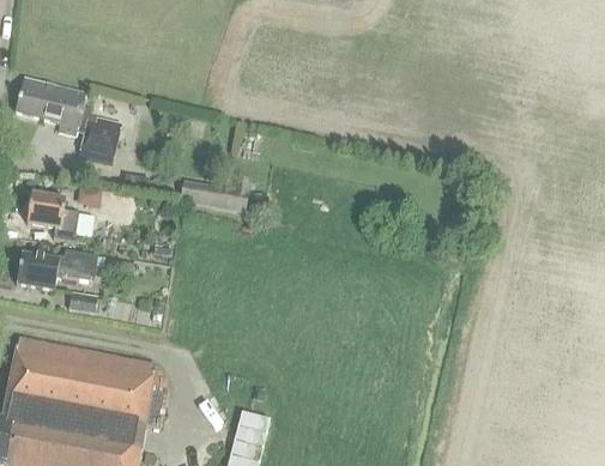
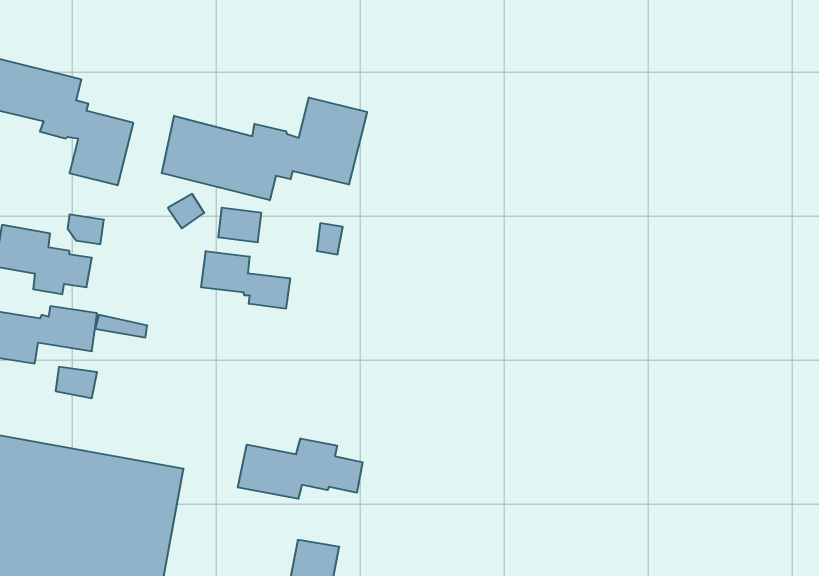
building: none -> [162,97,367,200]
building: none -> [201,251,290,309]
building: none -> [238,438,363,499]

